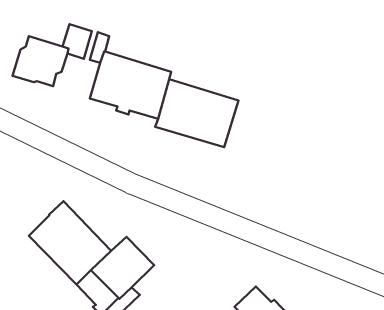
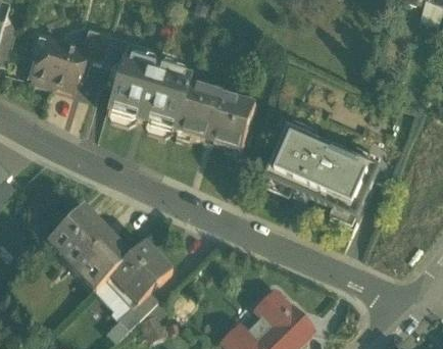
building: none -> [265,127,381,217]

